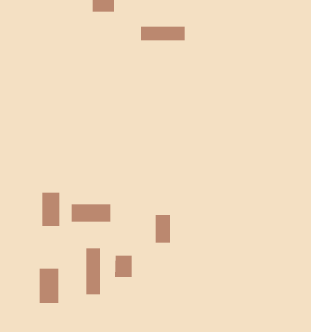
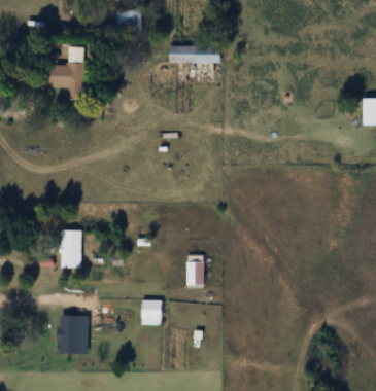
building: none -> [52,47,84,99]
building: [71,204,111,223] -> none
building: [86,248,101,295] -> none

